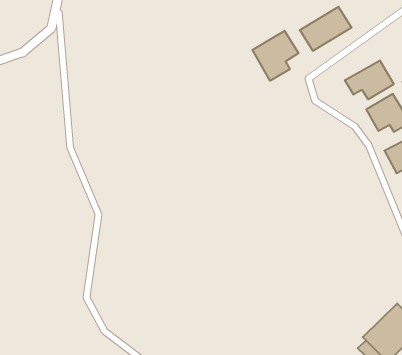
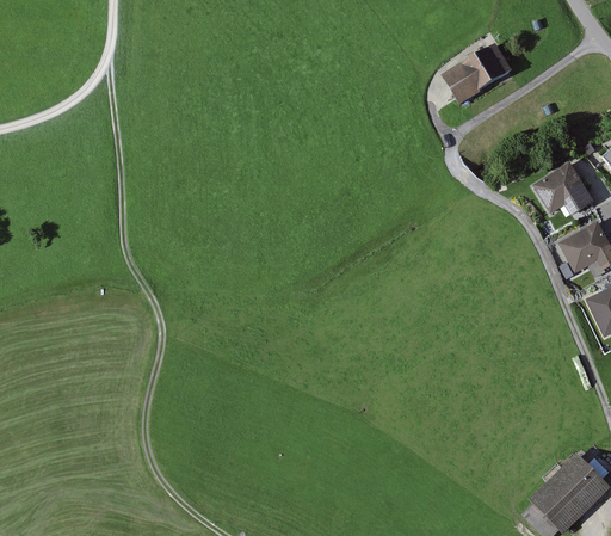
building: [252,31,299,81] -> none
building: [345,60,394,99] -> none

